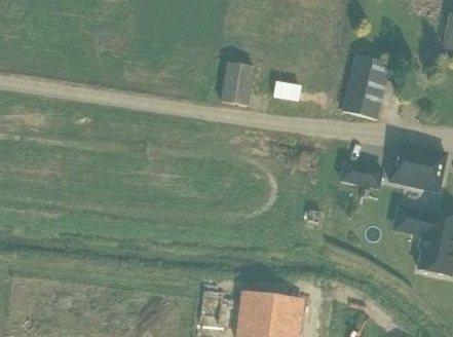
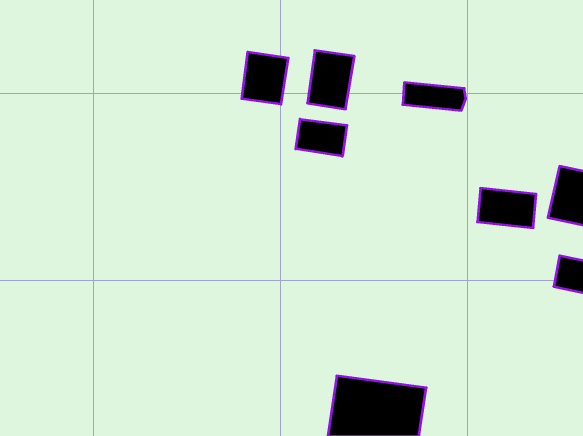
building: [342,54,389,118] -> none
building: none -> [242,52,288,104]
building: none -> [296,119,347,156]

